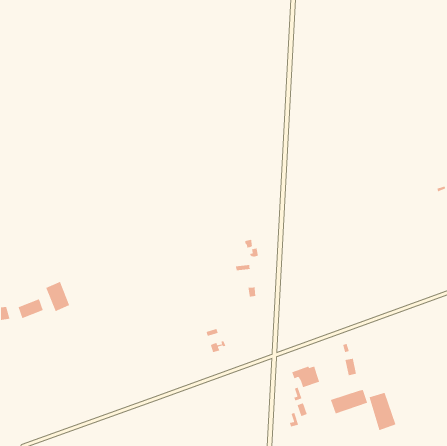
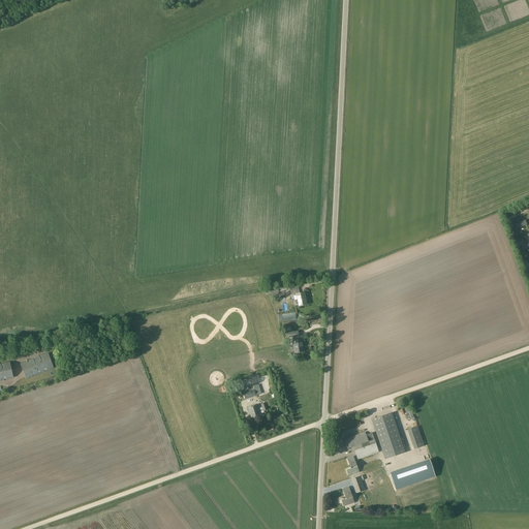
building: [45,281,70,312] -> none
building: [368,392,396,431] -> [372,412,405,459]

